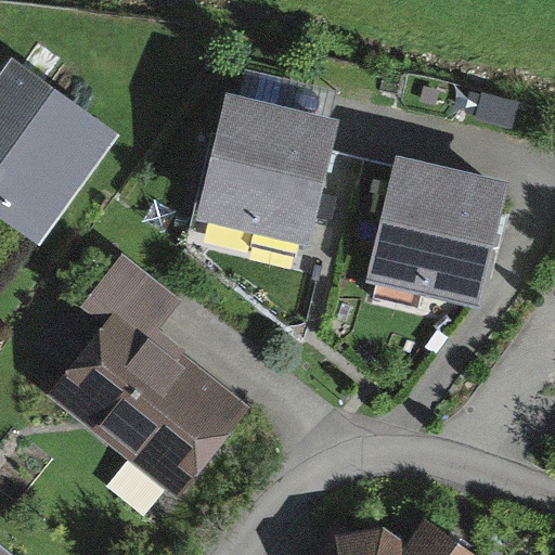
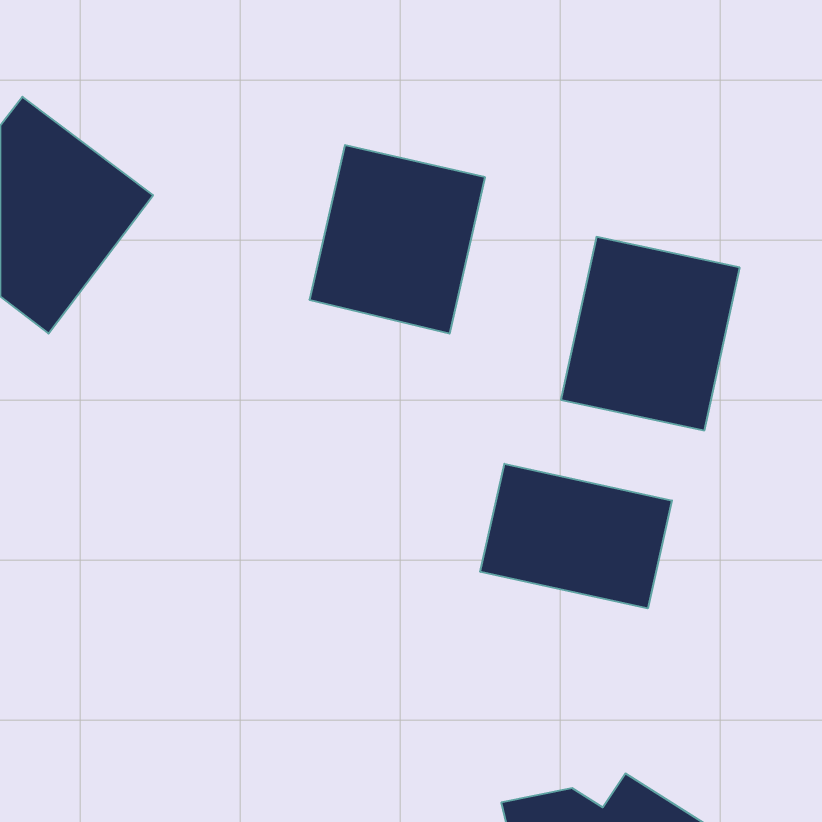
building: [59,266,236,486] -> none
building: none -> [480,464,672,608]

